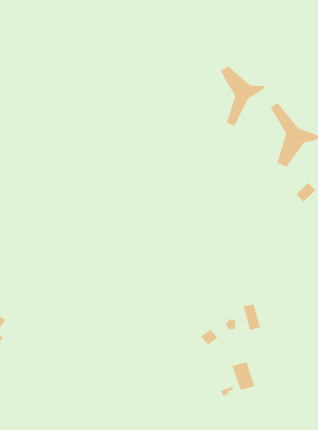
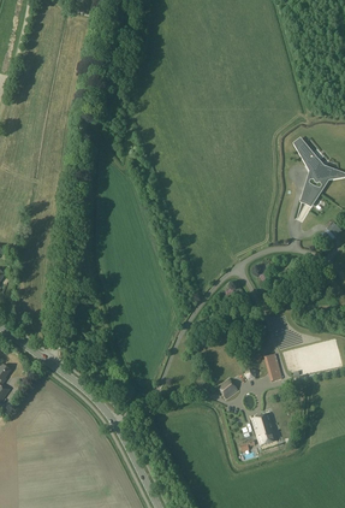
building: [220,65,265,127] -> none

